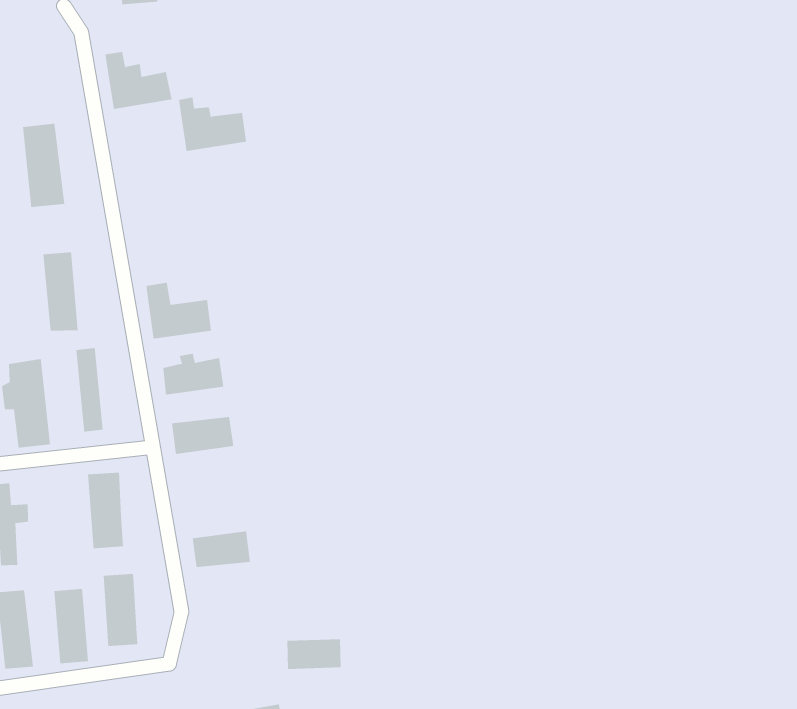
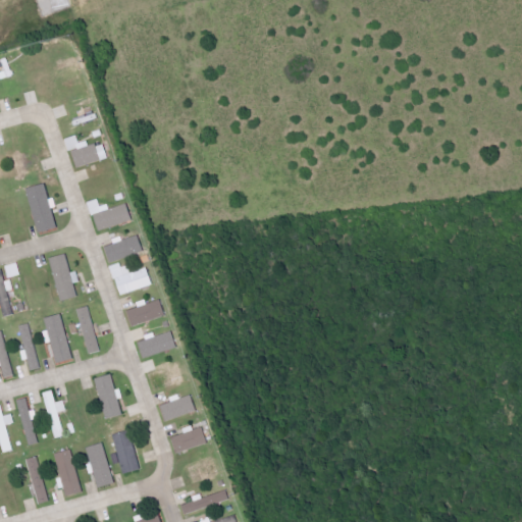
building: [178,97,247,152] -> [88,199,130,230]
building: none -> [104,234,142,261]
building: [286,639,341,669] -> [171,428,205,451]

